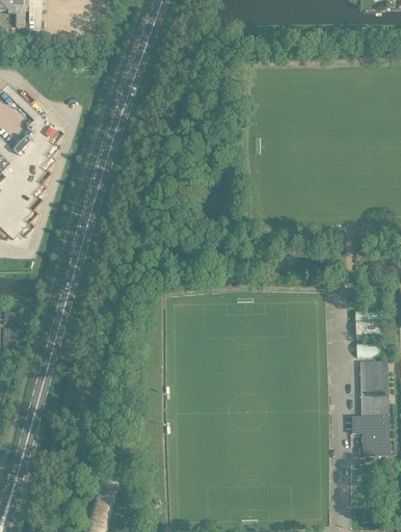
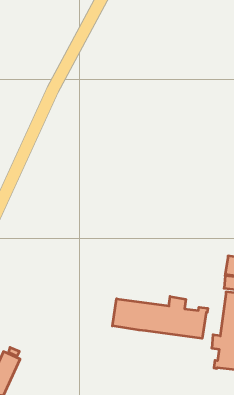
building: none -> [112,296,208,338]

